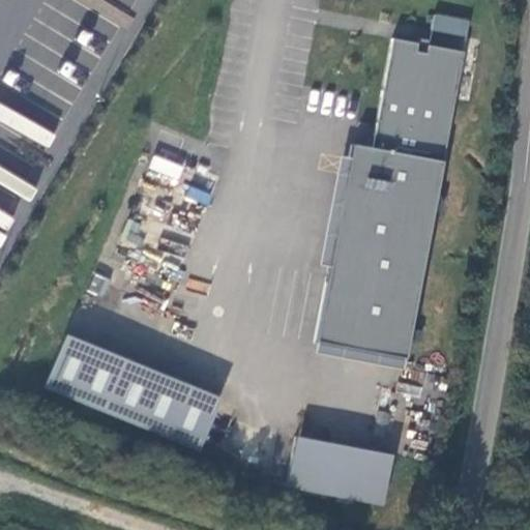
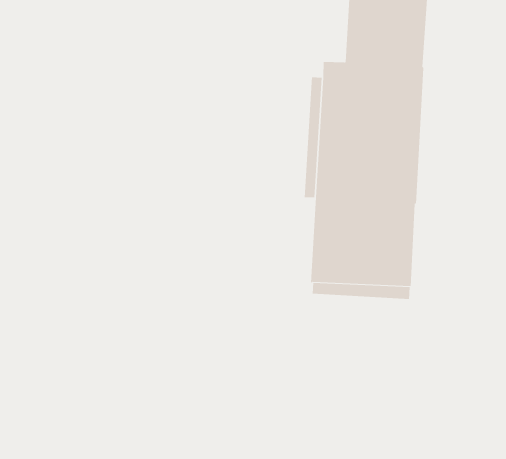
building: [46,334,223,450] -> none
building: [289,436,394,505] -> none

